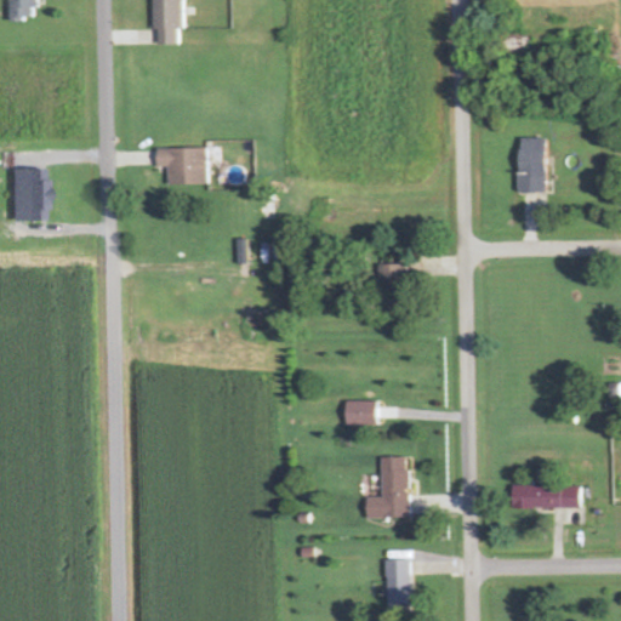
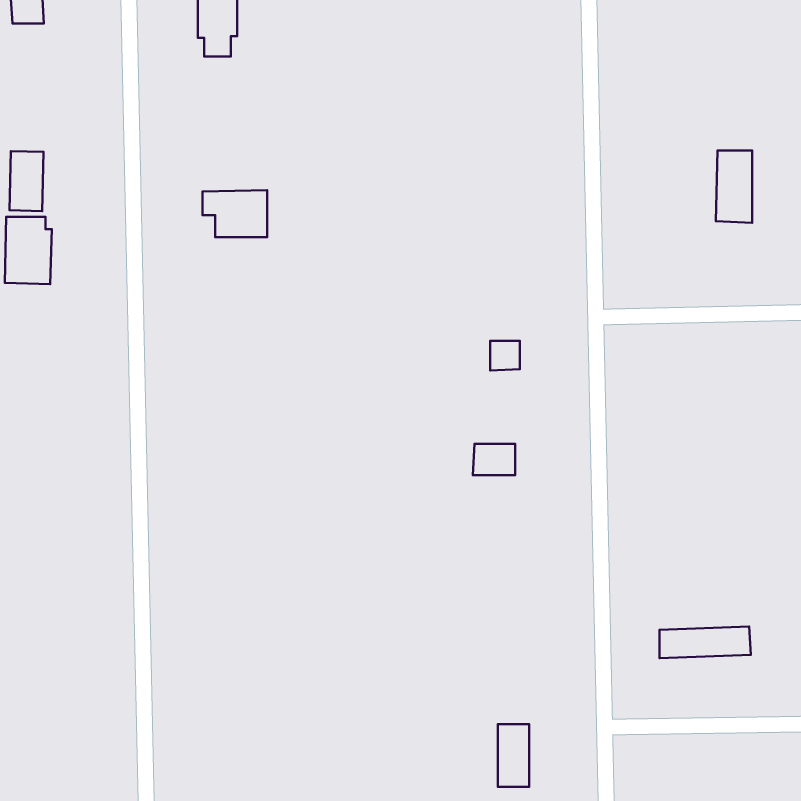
building: none -> [9,151,44,211]
building: [517,137,545,193] -> [716,151,752,223]
building: [343,400,376,425] -> [473,444,515,475]
building: [364,456,409,518] -> none

